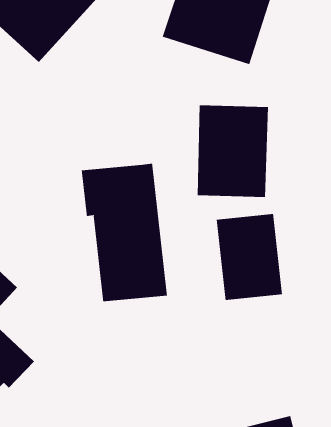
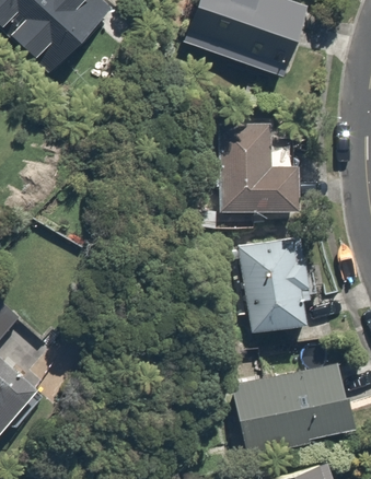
building: [81,163,167,302] -> none
building: none -> [231,360,350,458]

